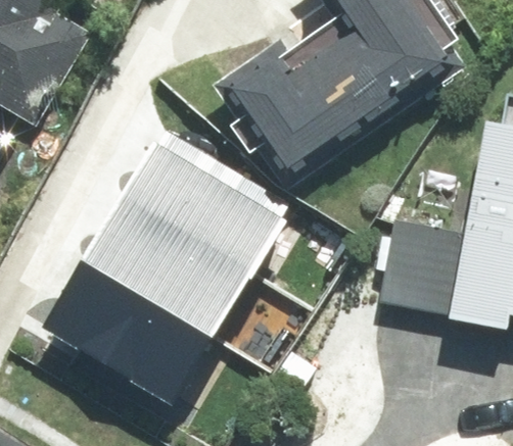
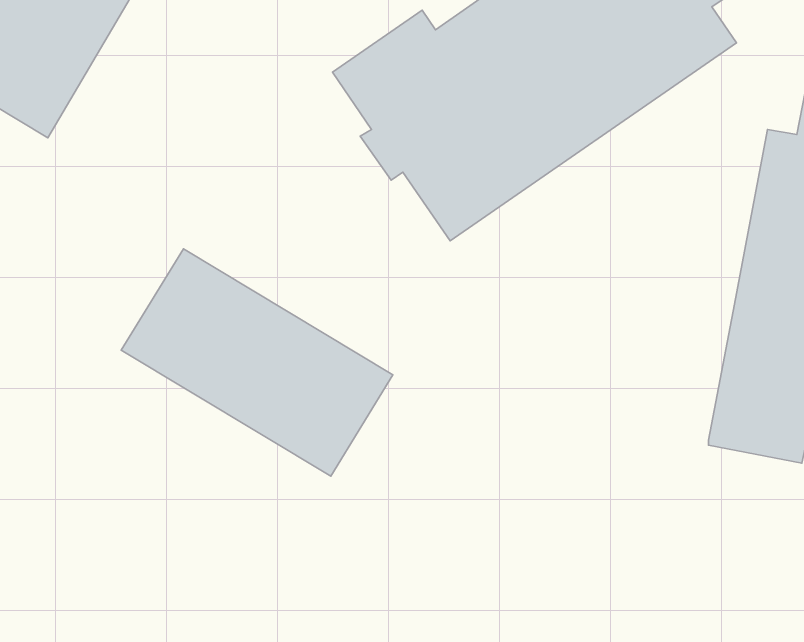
building: [121,126,290,277] -> none
building: [379,220,464,314] -> none
building: [41,258,213,404] -> none

